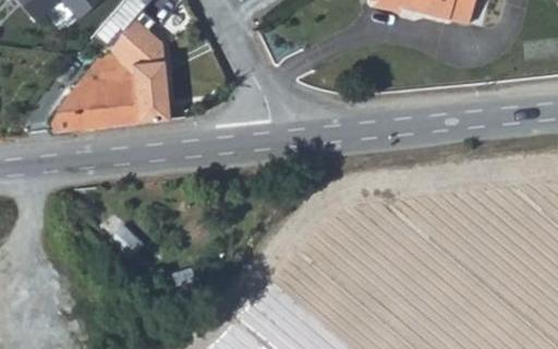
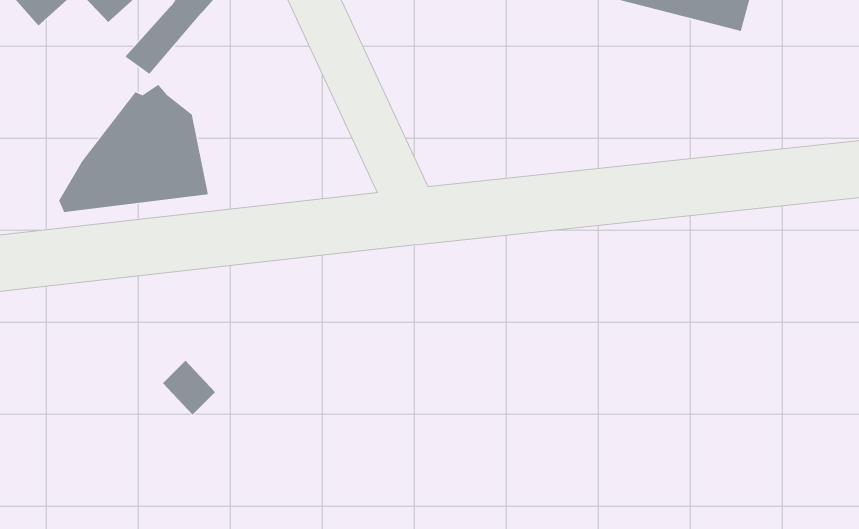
building: [107,13,173,123] -> none

